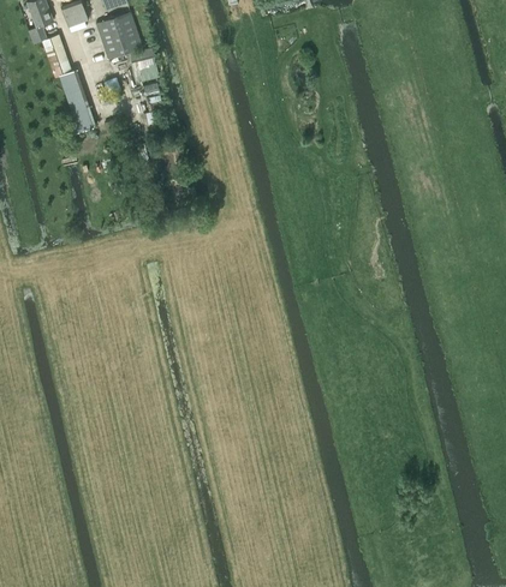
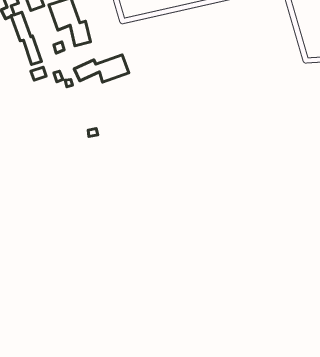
building: none -> [74,55,129,82]

